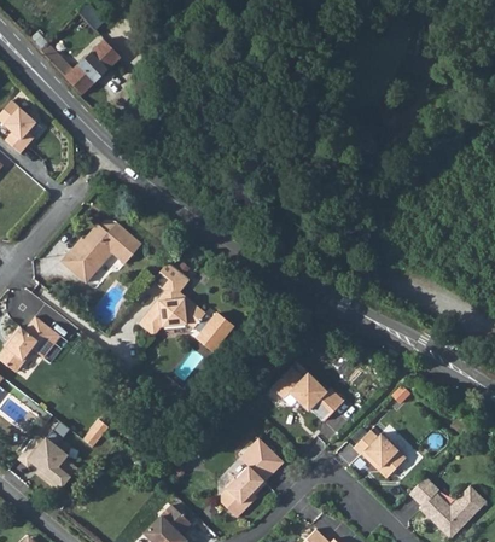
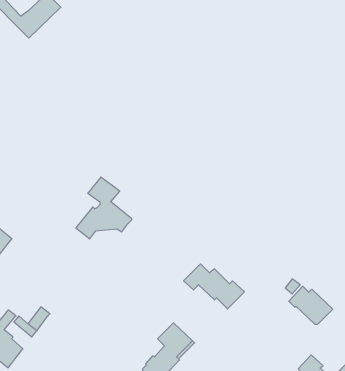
building: [63,220,145,281] -> none
building: [199,311,235,345] -> none
building: [353,429,406,474] -> [289,286,333,324]

